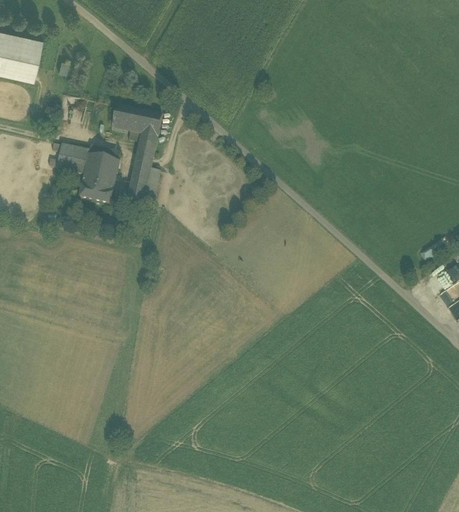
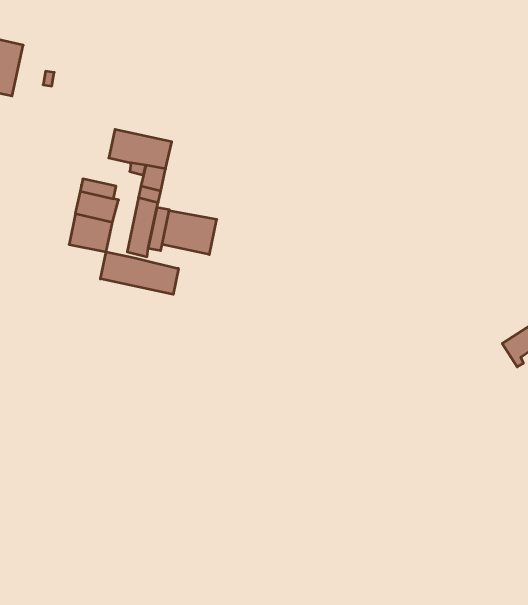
building: [56,147,89,177] -> none
building: none -> [162,211,217,255]
building: none -> [100,252,178,294]

